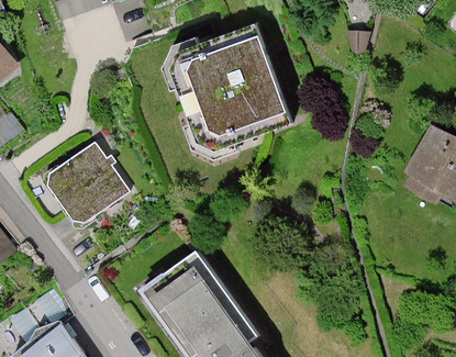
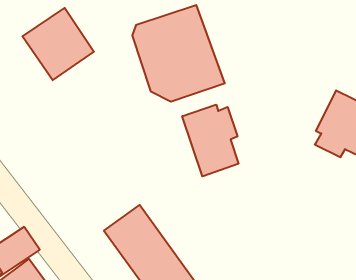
building: none -> [182,105,238,176]
building: [43,142,129,228] -> [22,8,94,80]

